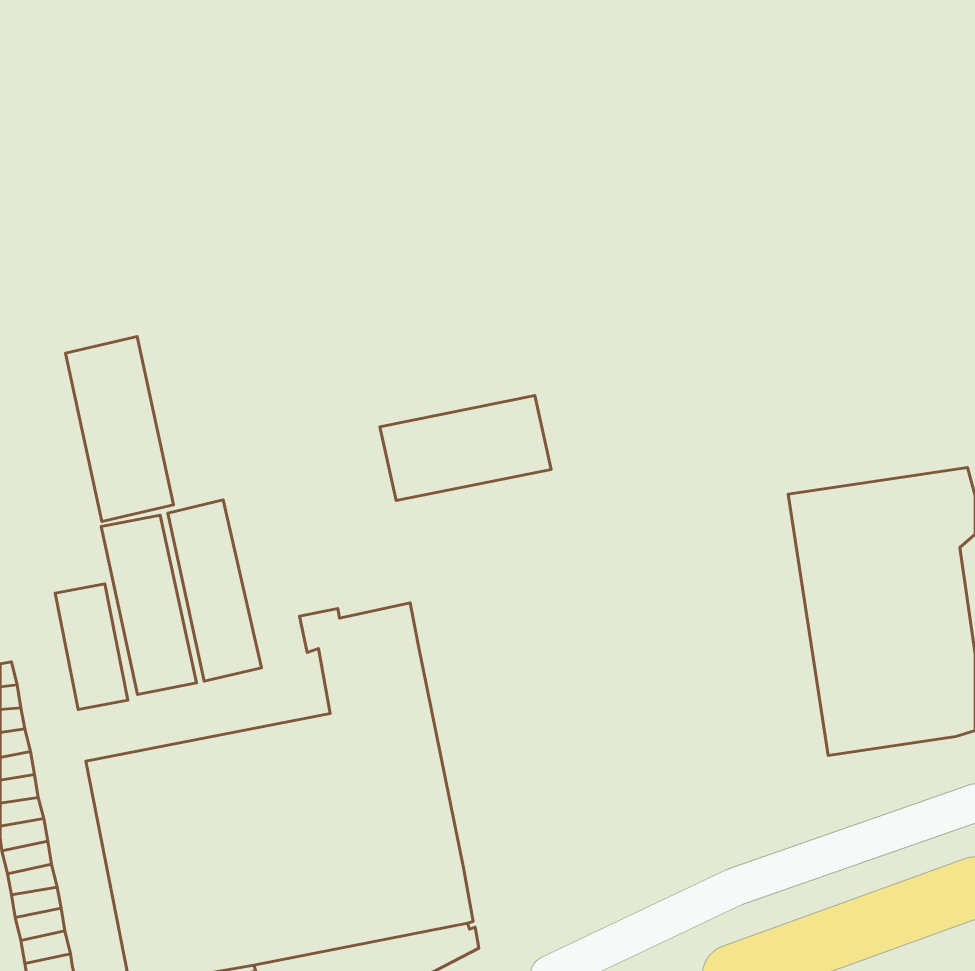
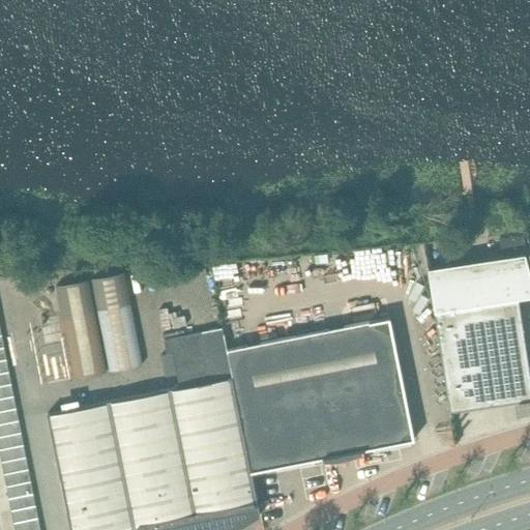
building: [66,336,174,522] -> none
building: [380,396,551,501] -> none
building: none -> [227,318,414,473]

